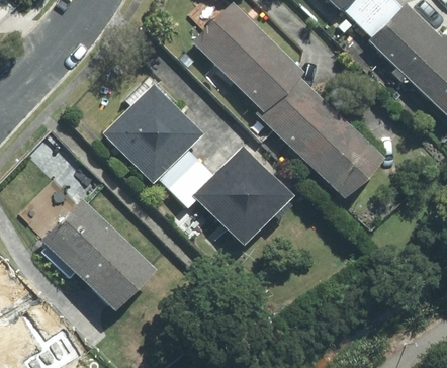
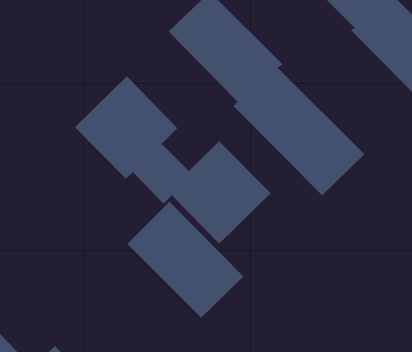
building: [41,198,155,311] -> [127,201,244,318]

